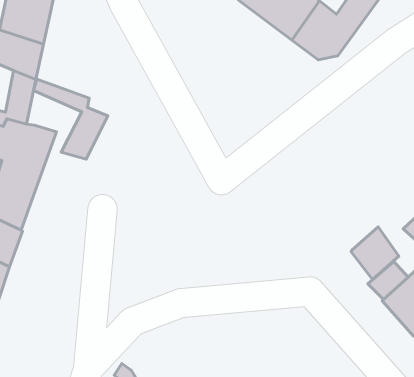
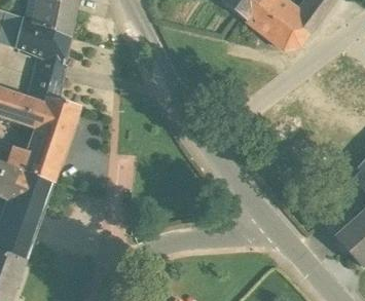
building: [33,79,108,159] -> none
building: [351,227,399,280] -> none

